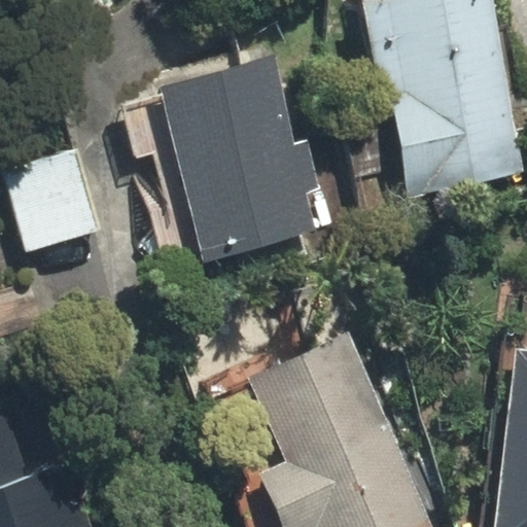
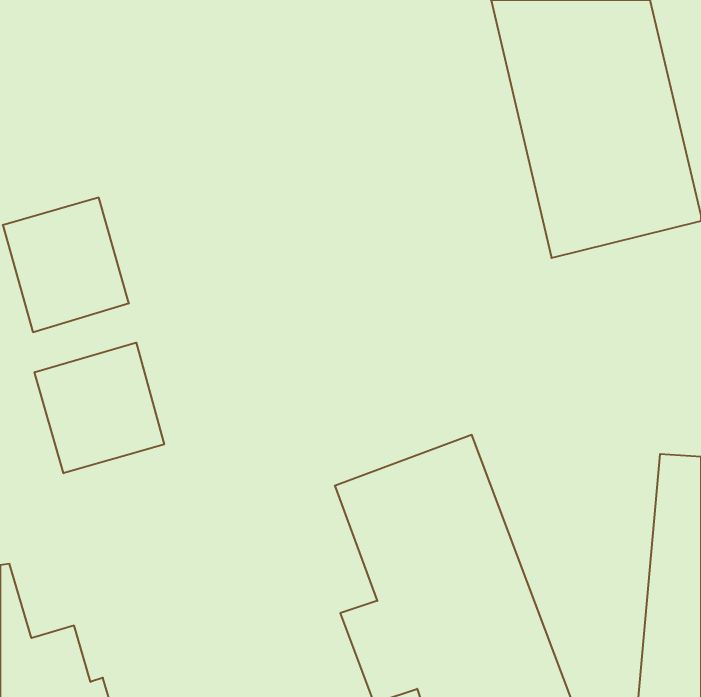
building: [163,62,316,258] -> none
building: none -> [35,343,164,473]

